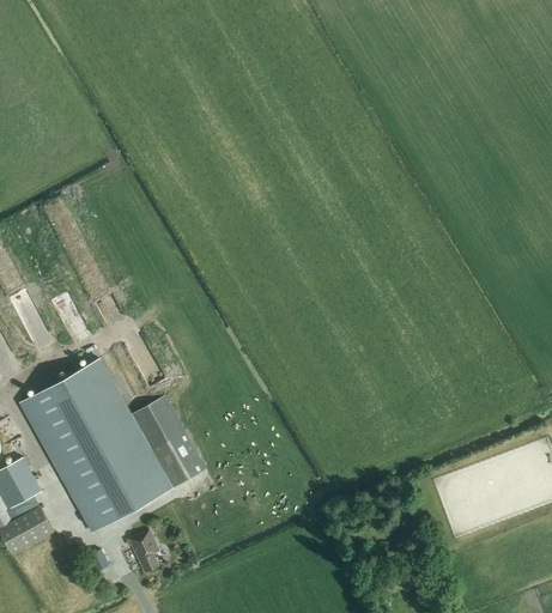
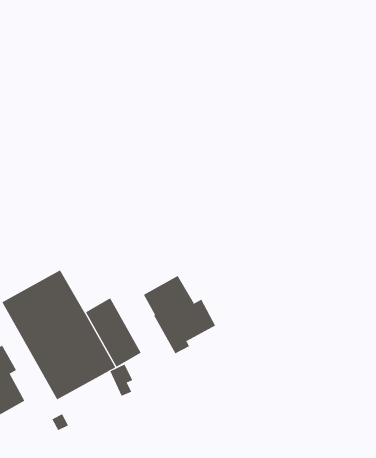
building: none -> [143,275,216,354]
building: [128,529,159,572] -> [109,364,133,396]

